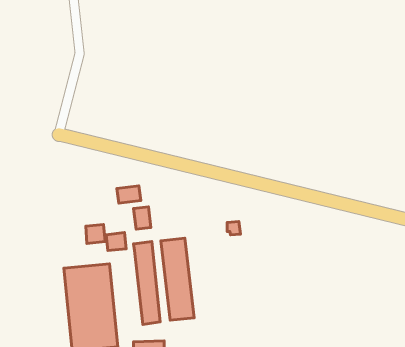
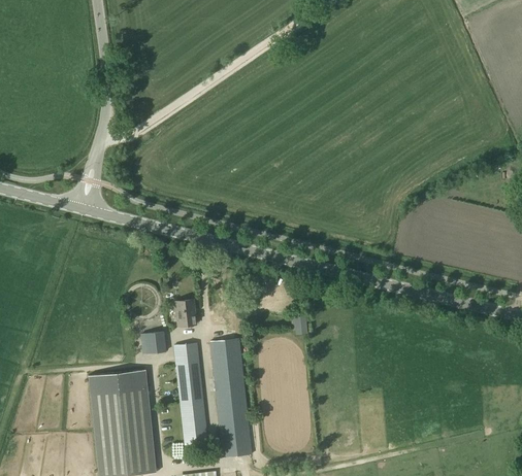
building: [117,186,141,203] -> none
building: [86,225,105,243] -> none
building: none -> [220,437,252,455]

